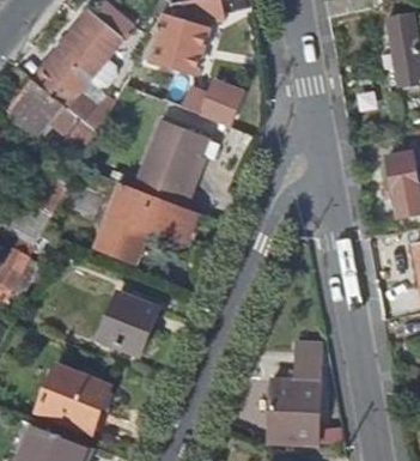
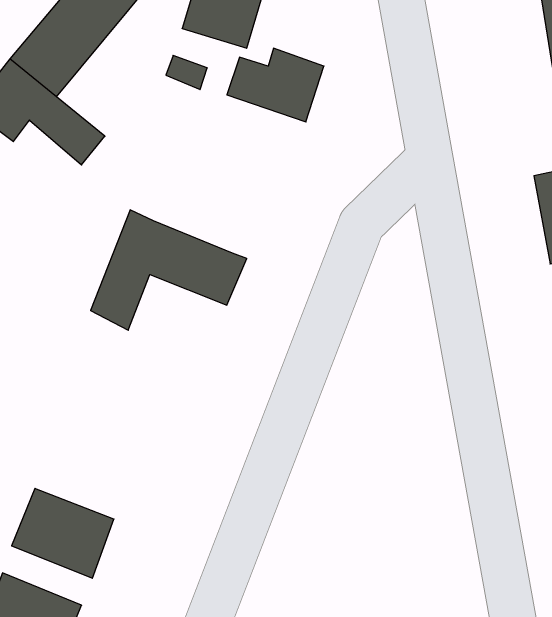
building: [133,120,208,210] -> none
building: [99,293,158,356] -> none
building: [268,345,318,442] -> none

